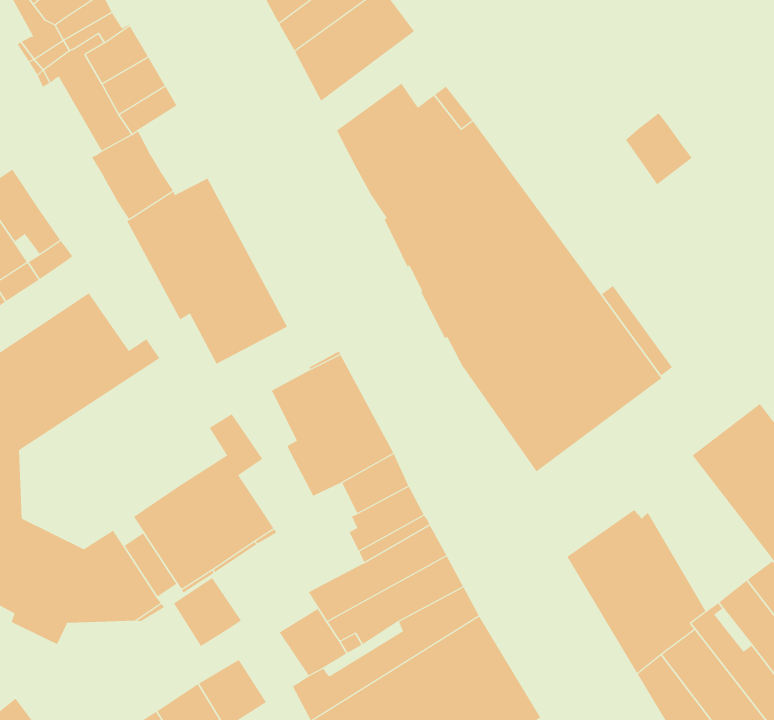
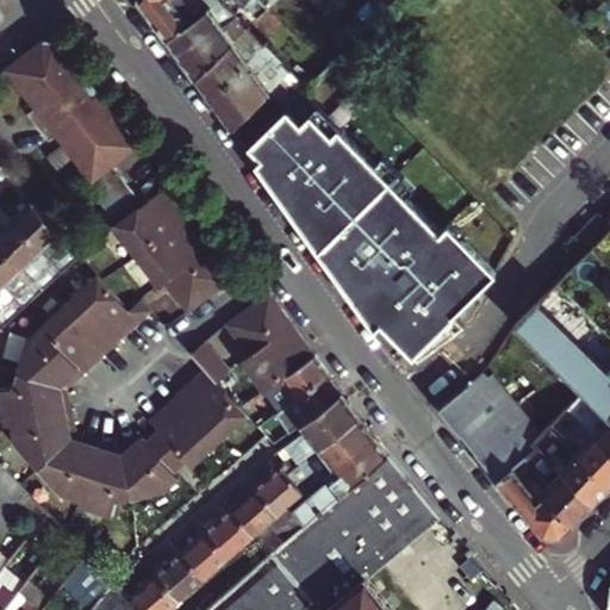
building: [625,112,692,185] -> none
building: [173,577,242,647] -> [229,490,276,537]

